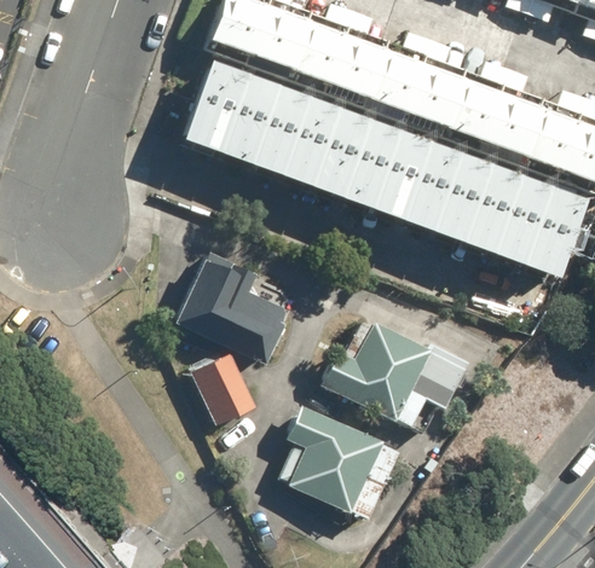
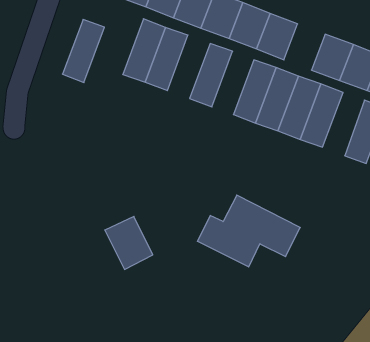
building: [186,60,245,150] -> [62,19,104,83]
building: [444,79,502,144] -> none
building: [279,94,340,184] -> none
building: [342,117,402,207] -> none
building: [498,175,558,265] -> none
building: [175,256,294,366] -> none
building: [288,402,383,514] -> none

